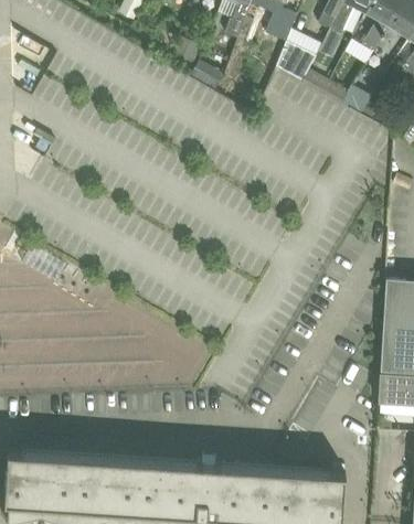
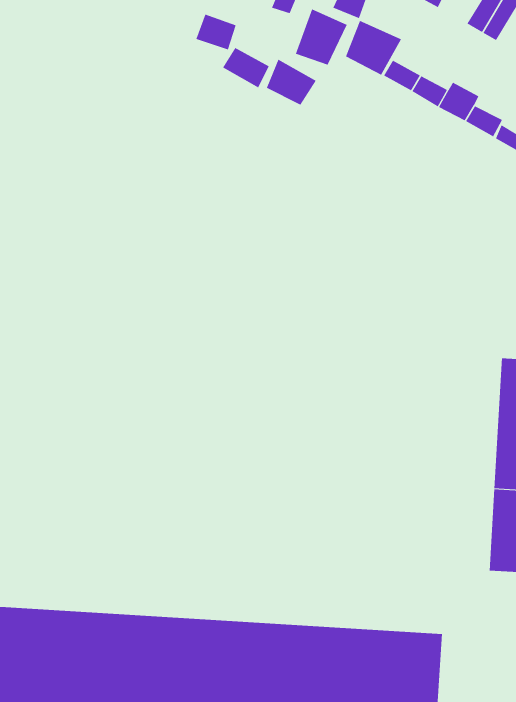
building: none -> [295,8,348,65]
building: none -> [266,59,317,106]

